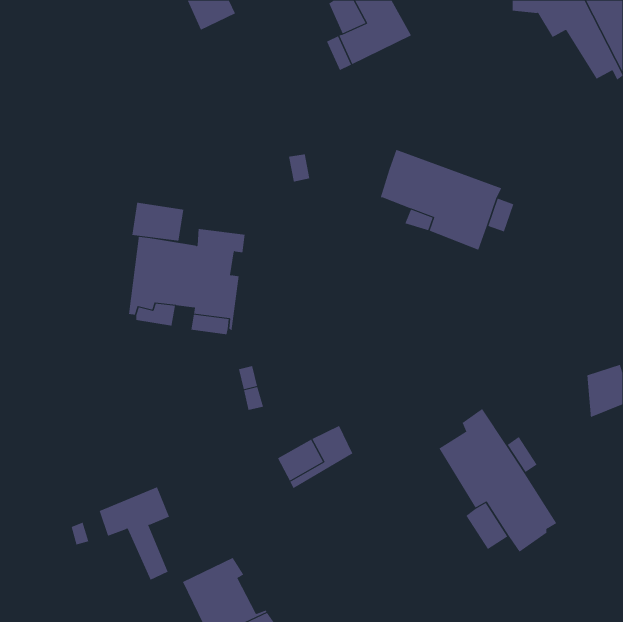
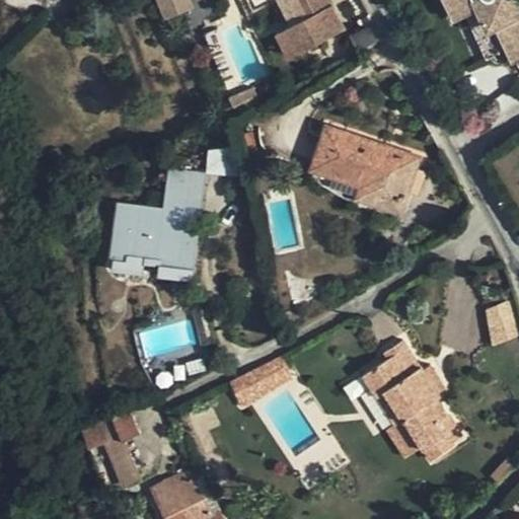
building: [132,202,184,241] -> [164,164,208,197]

